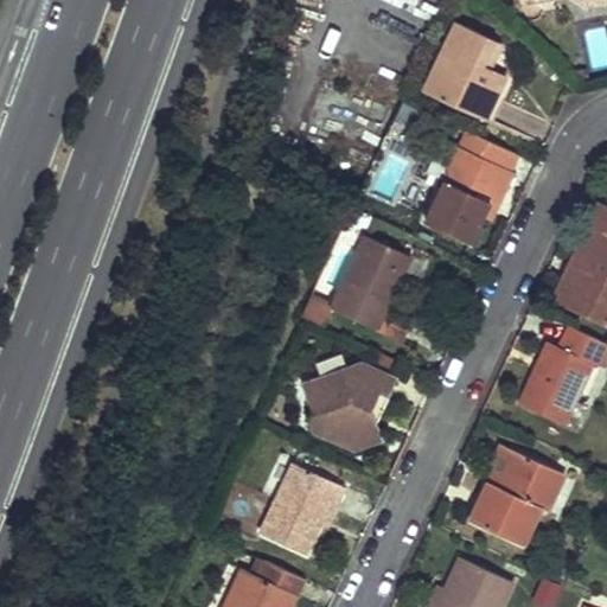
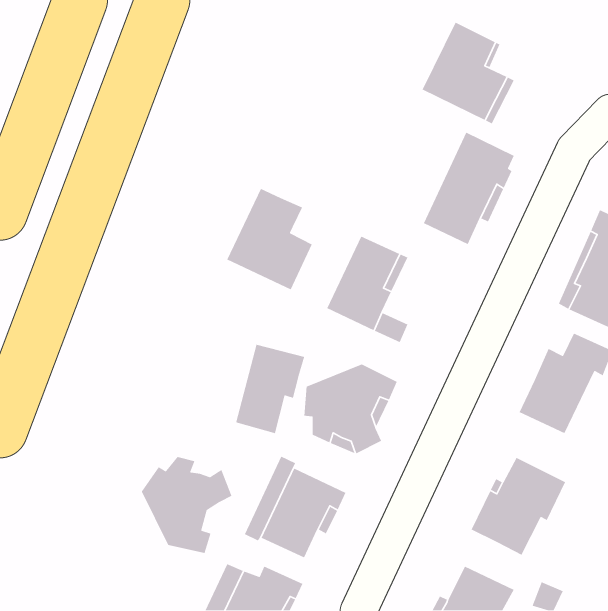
building: none -> [226,188,313,291]
building: none -> [235,344,305,434]
building: none -> [141,456,233,554]

